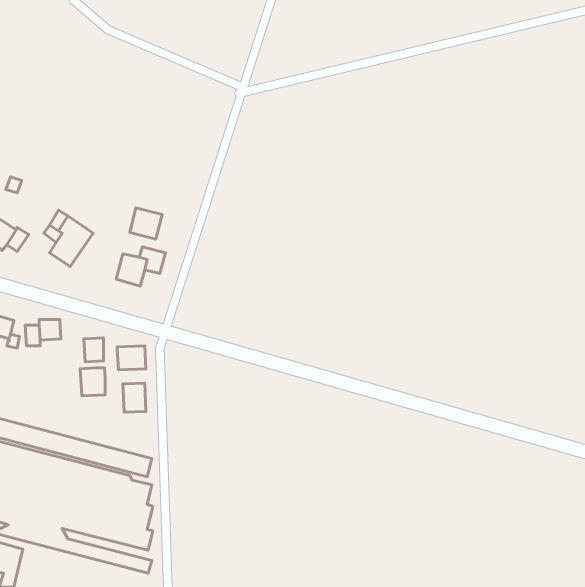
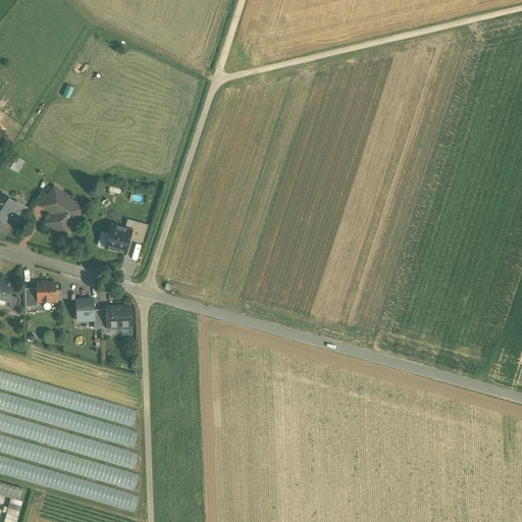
building: [130,208,162,239] -> none
building: [80,368,105,396] -> none
building: [123,383,146,412] -> none

